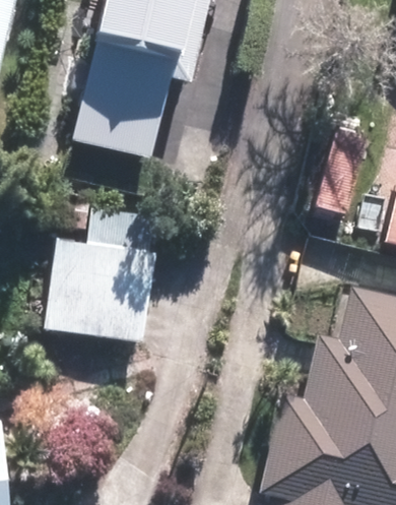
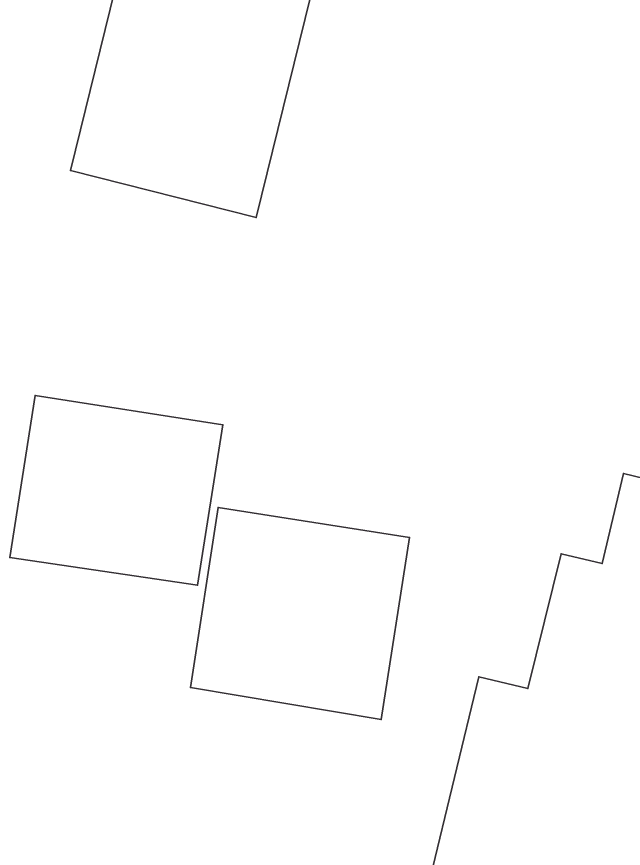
building: none -> [191,508,410,719]

